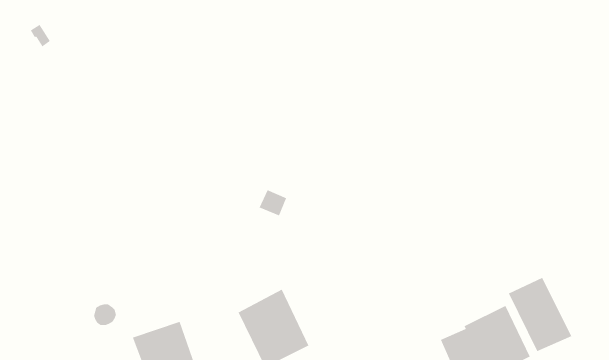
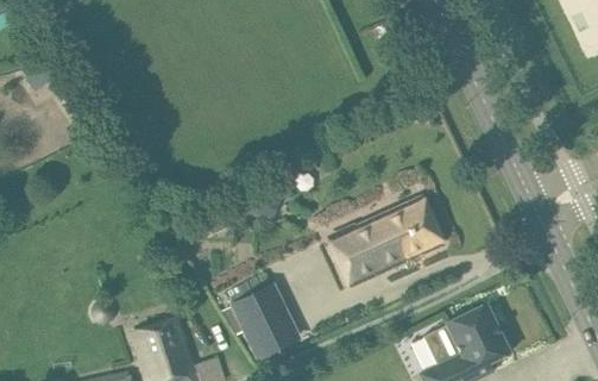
building: none -> [332,198,442,283]
building: [508,277,572,352] -> none

